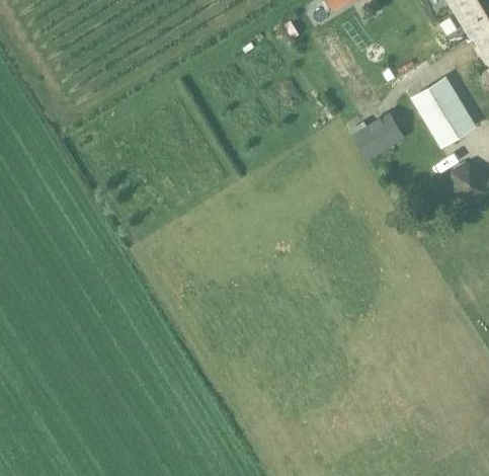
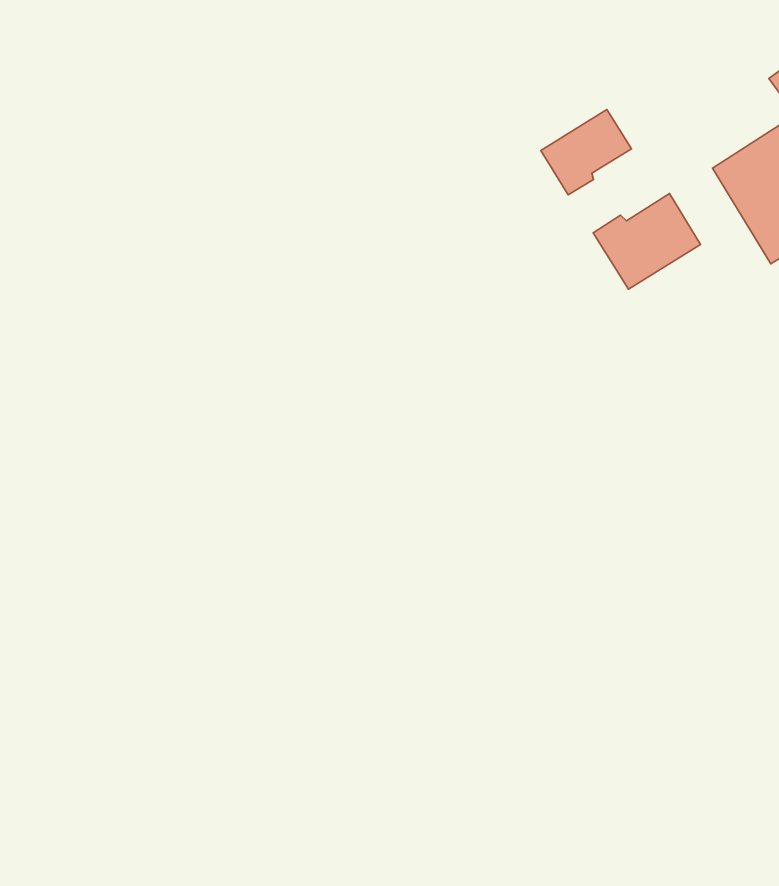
building: none -> [541,109,632,195]

